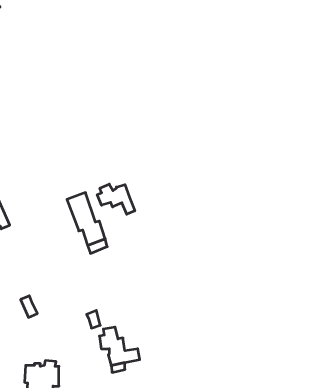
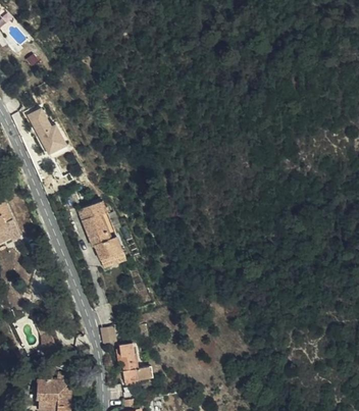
building: none -> [27,106,67,155]
building: [97,184,135,214] -> none

